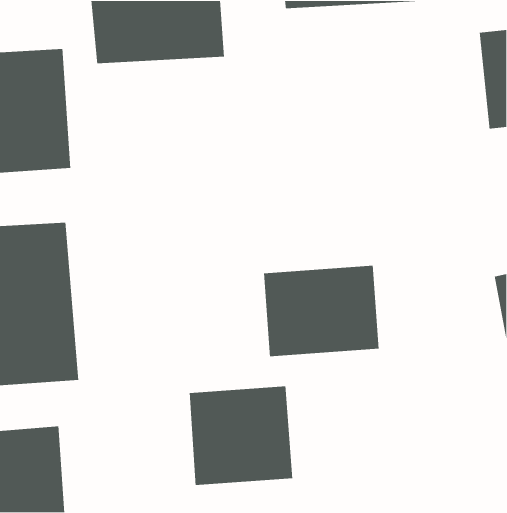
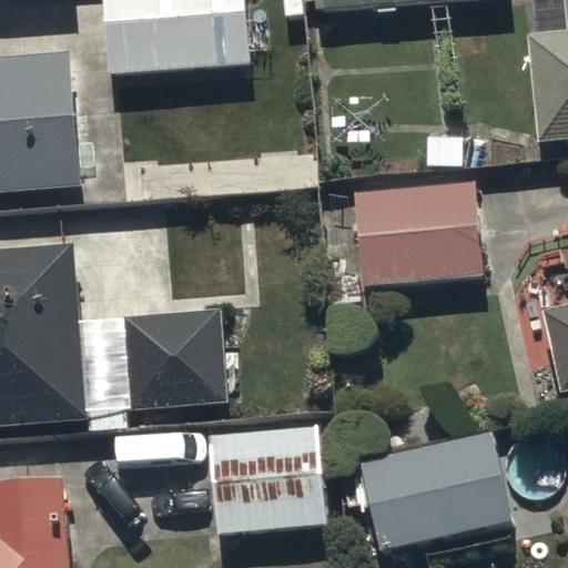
building: [263,265,379,357] -> [353,184,481,286]
building: none -> [122,311,227,409]
building: none -> [361,433,513,552]

